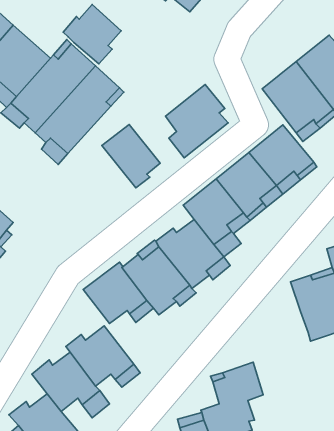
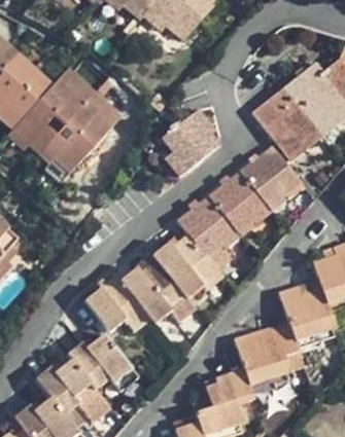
building: [63,5,121,64] -> none
building: [102,125,160,188] -> none
building: none -> [233,321,298,396]

